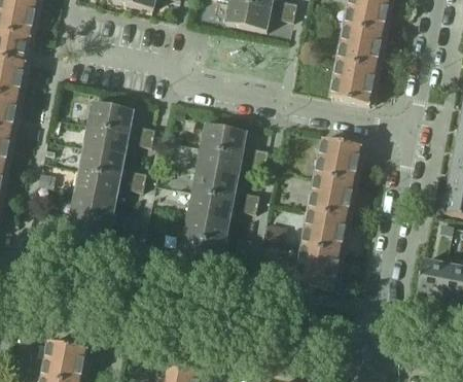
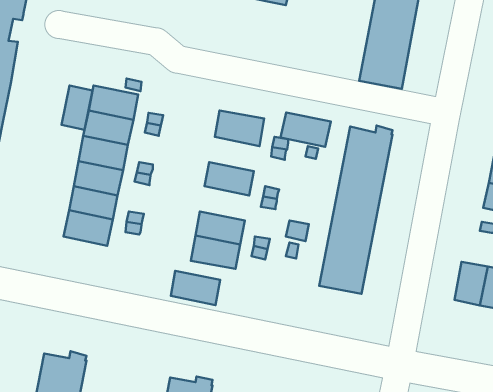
building: none -> [61,85,92,130]
building: [197,146,242,177] -> [280,112,331,147]
building: [188,190,233,221] -> [171,271,220,305]

